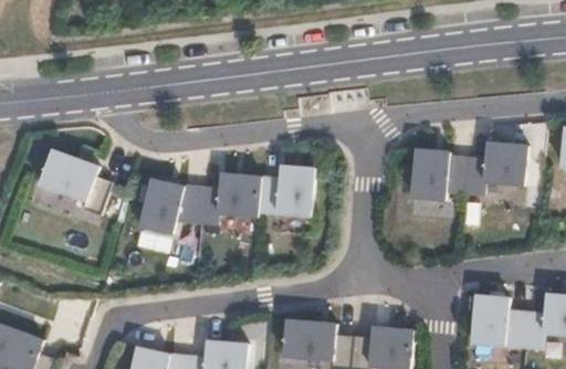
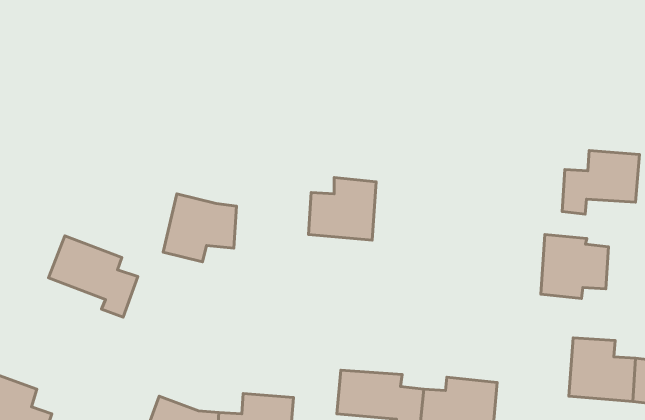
building: [39,148,112,214] -> [48,236,138,317]
building: [412,148,468,200] -> [541,235,609,298]
building: [198,172,261,224] -> none

